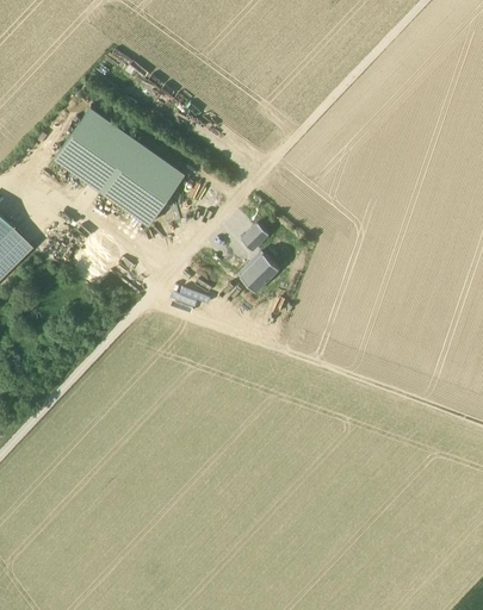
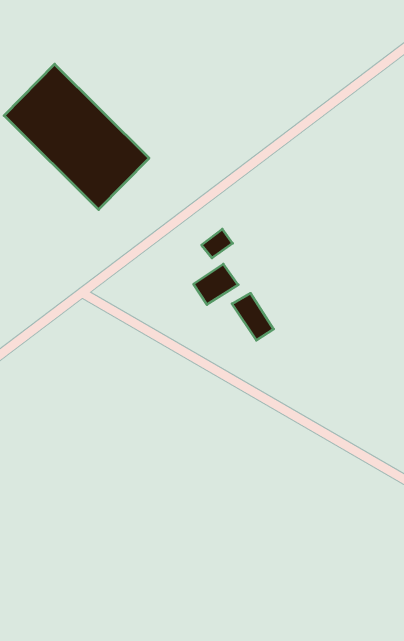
building: none -> [232,293,274,340]

